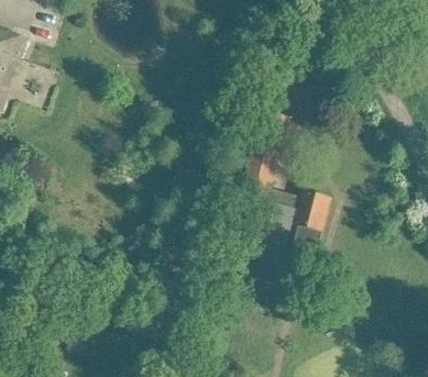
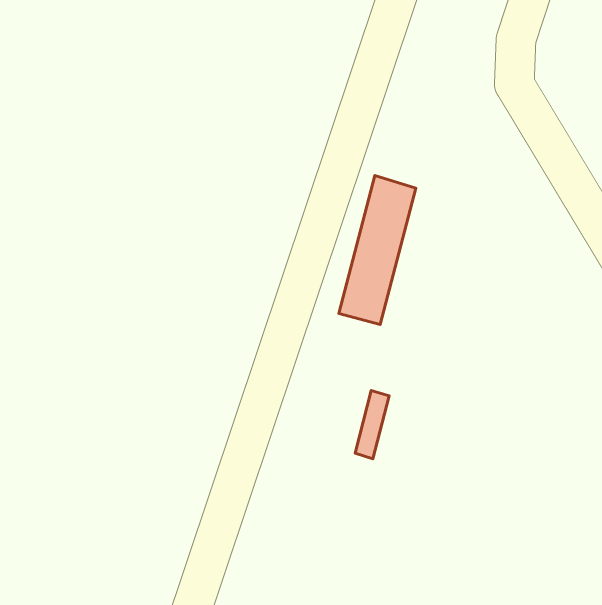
building: [276,192,332,244] -> none

